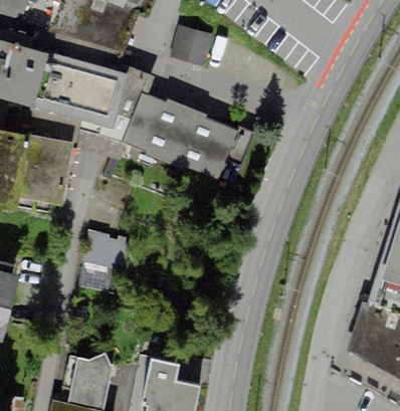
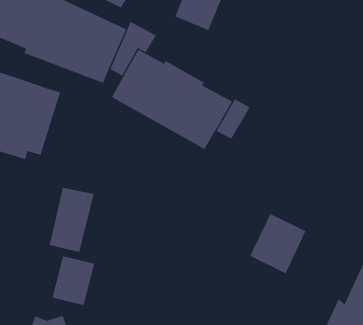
building: none -> [249,213,306,274]
building: none -> [52,255,95,306]

